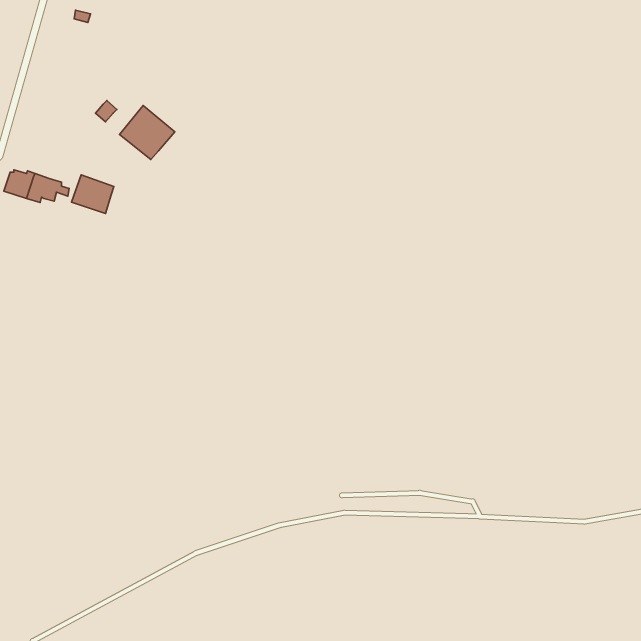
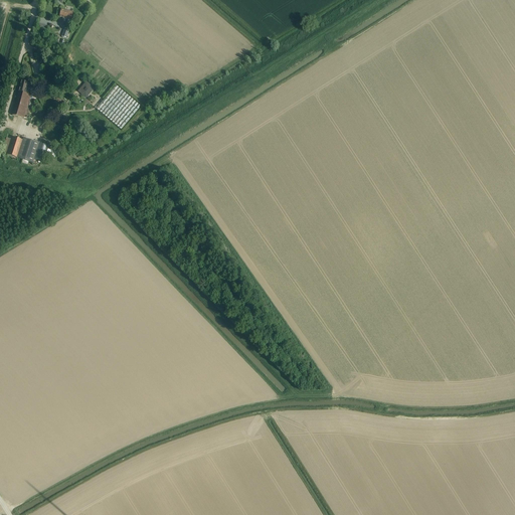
building: none -> [11,79,36,118]
building: [72,175,114,213] -> none

